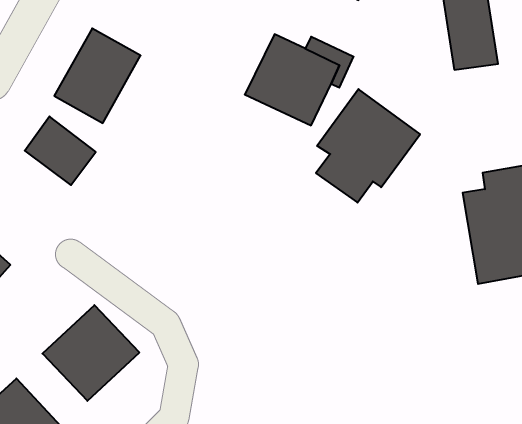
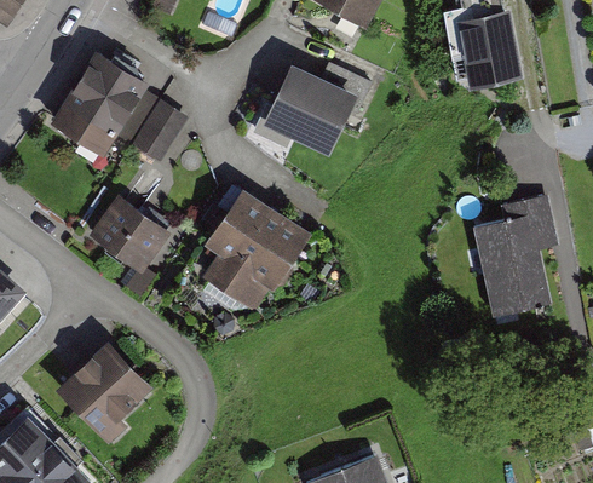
building: none -> [134,102,184,157]
building: [316,89,420,203] -> [207,190,313,306]
building: [25,116,96,185] -> [96,196,168,266]

